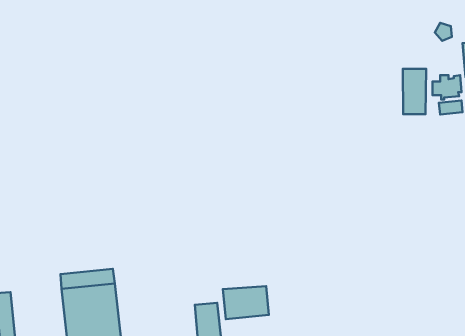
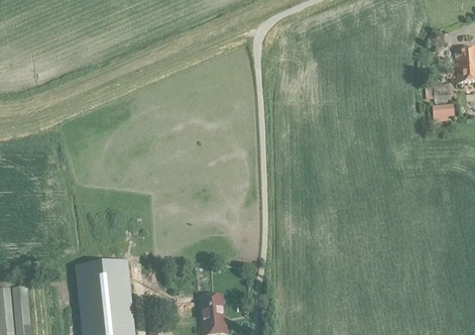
building: [403,69,426,114] -> none
building: [223,286,269,319] -> none

